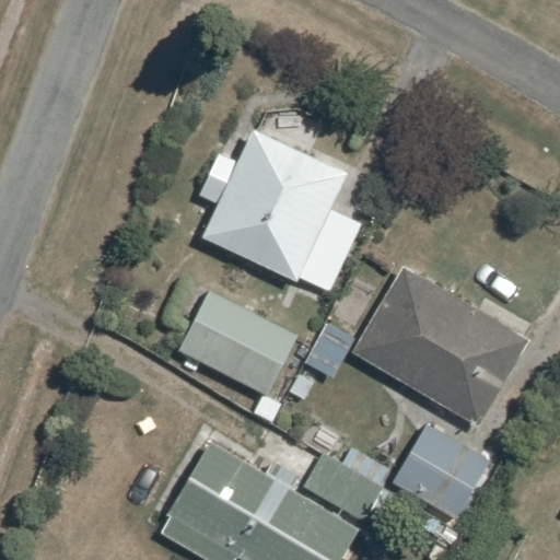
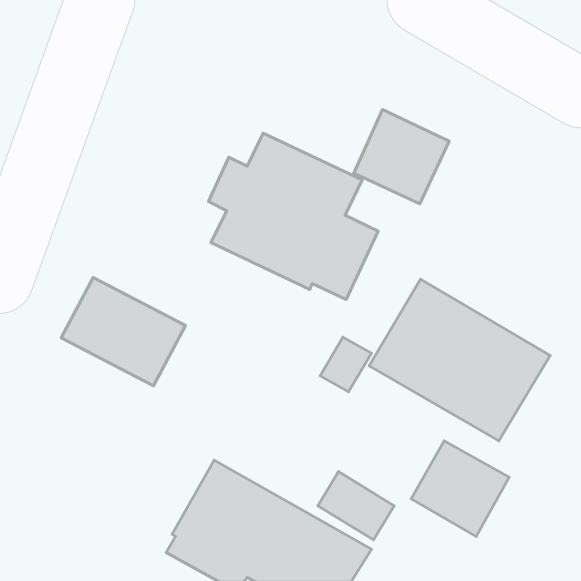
building: none -> [354,110,449,204]
building: [178,291,298,395] -> [61,278,185,386]

